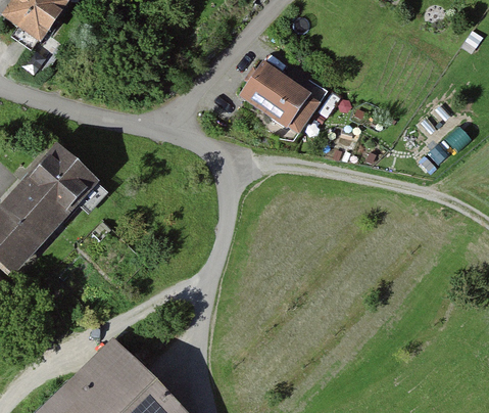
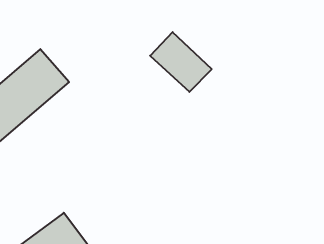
building: [242,61,320,132] -> [150,32,212,92]

